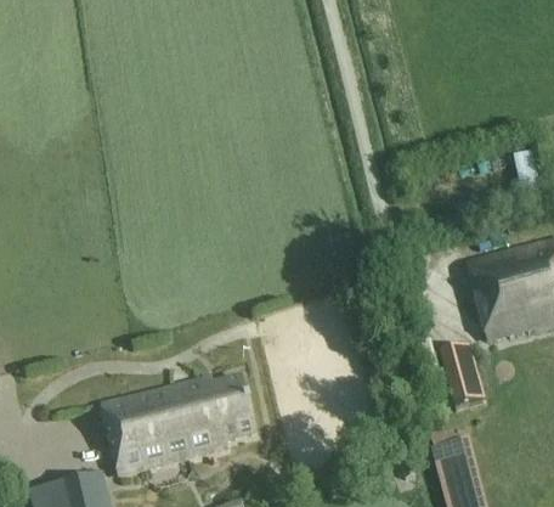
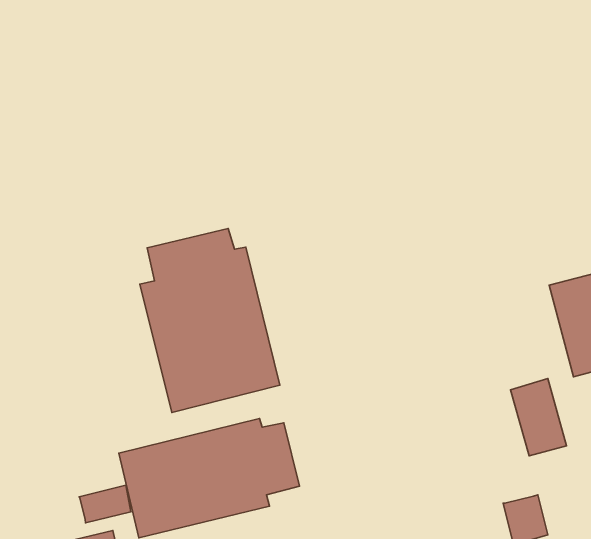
building: none -> [140,228,280,412]
building: none -> [79,485,131,523]

